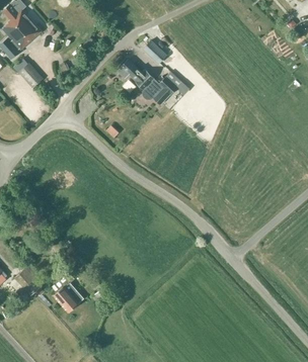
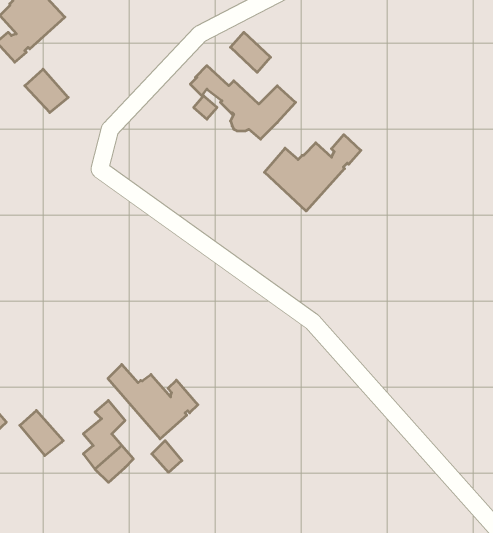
building: none -> [264,135,361,211]
building: none -> [108,364,198,439]

